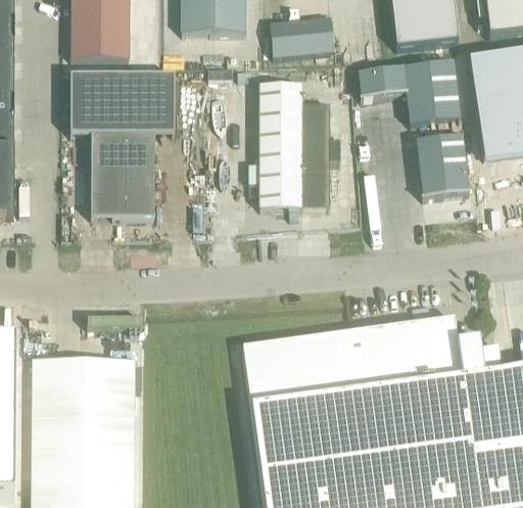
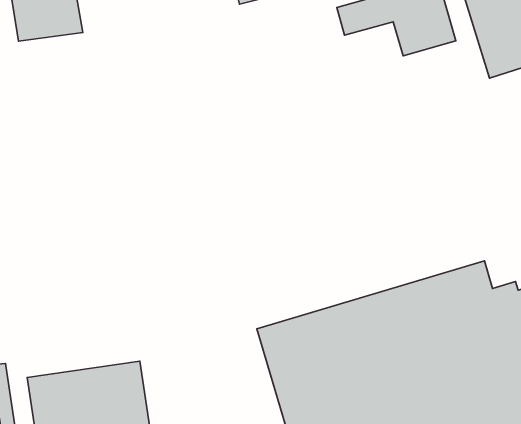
building: [69,74,174,216] -> none
building: [258,84,340,206] -> none
building: [416,134,468,196] -> none

